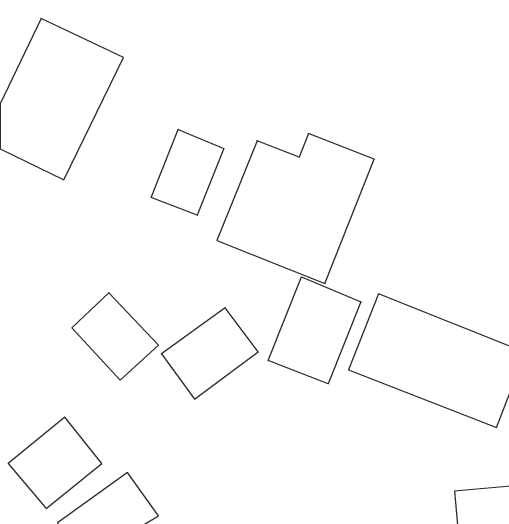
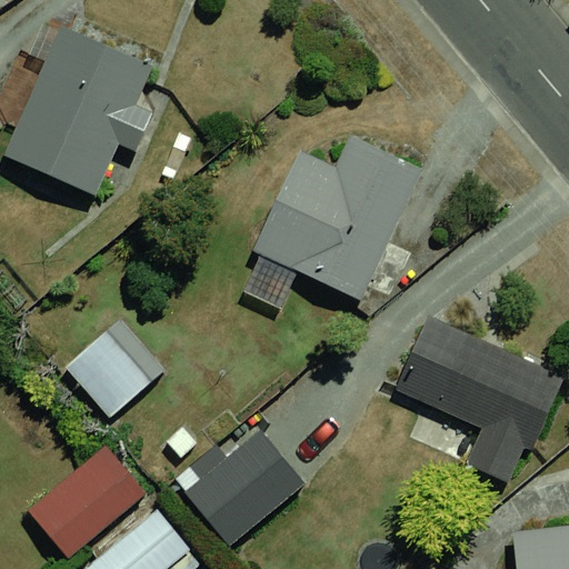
building: [151,129,224,215] -> none
building: [268,277,361,384] -> none
building: [161,308,258,399] -> [182,432,287,531]

